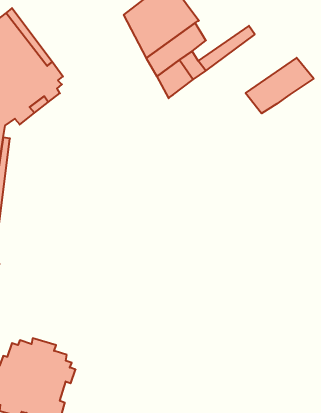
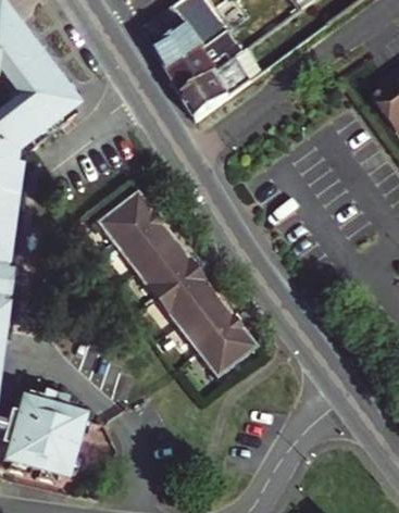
building: [246,58,314,113] -> none
building: none -> [100,189,263,377]

